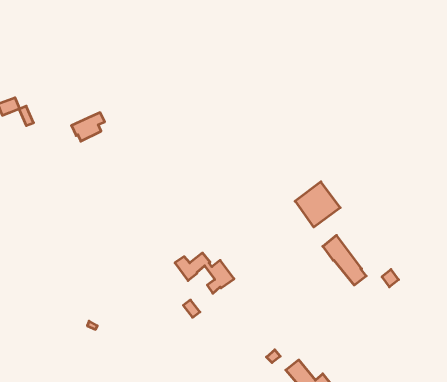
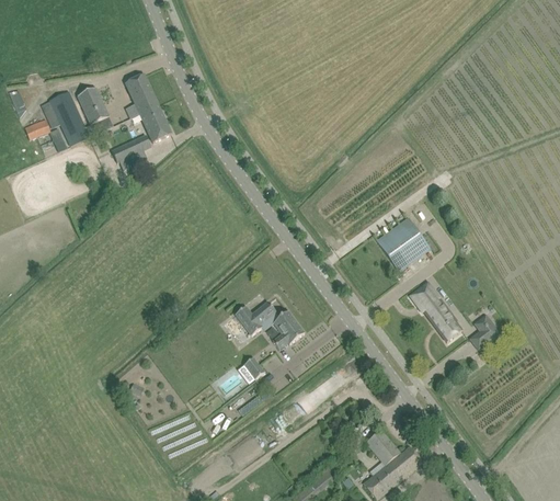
building: none -> [124,73,171,141]
building: none -> [76,87,108,124]
building: none -> [39,90,89,145]

